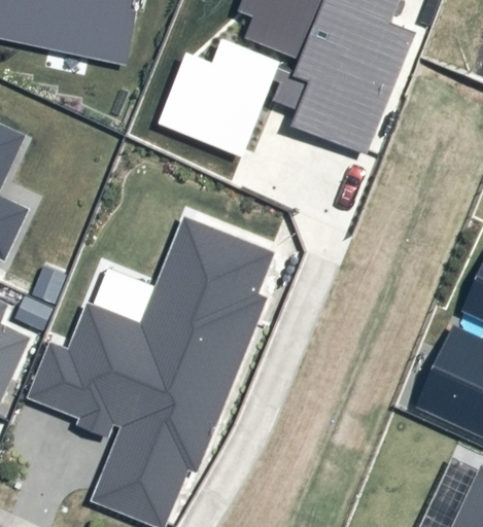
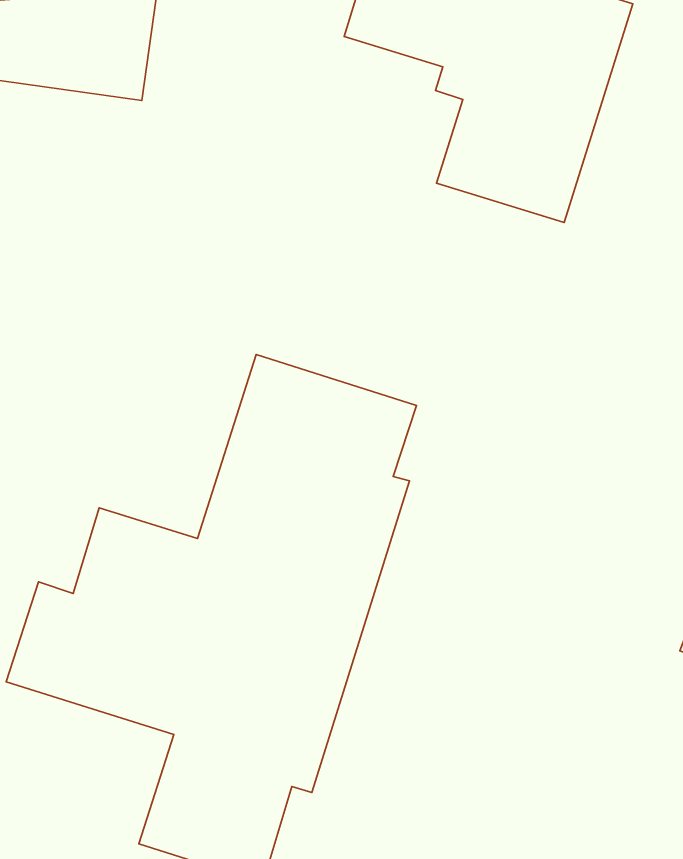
building: [160,37,280,155] -> none

